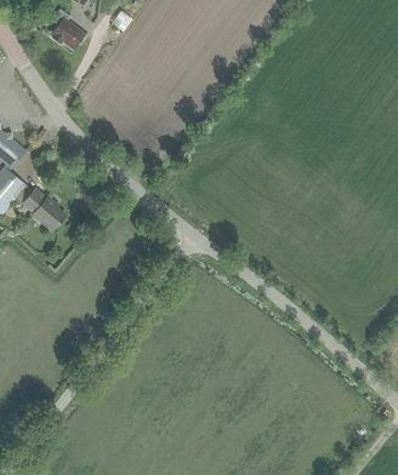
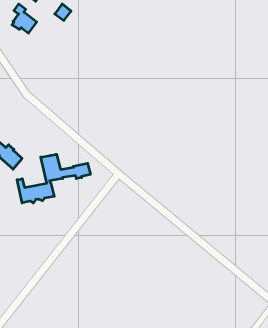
building: none -> [17,154,90,203]

